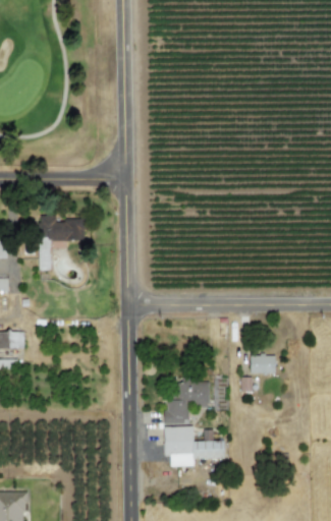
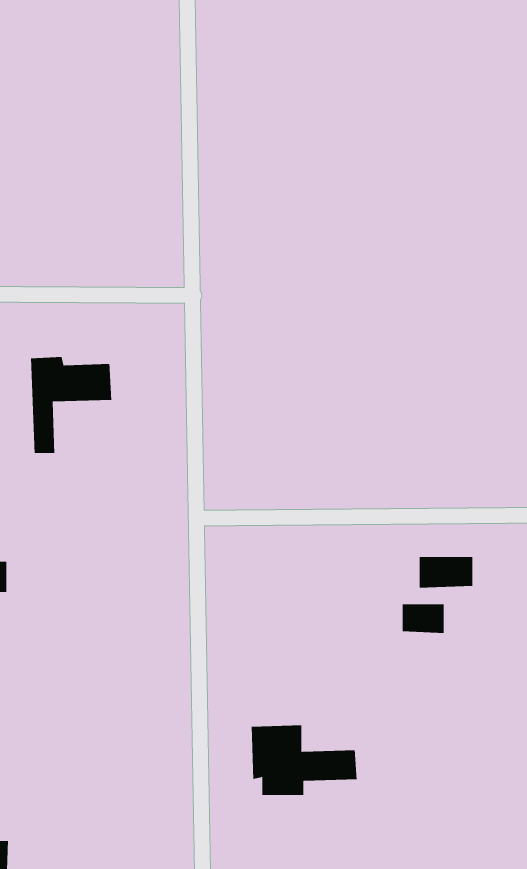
building: none -> [419,556,473,588]
building: [165,382,210,424] -> none

